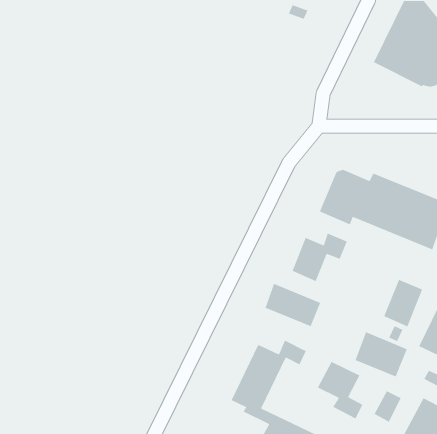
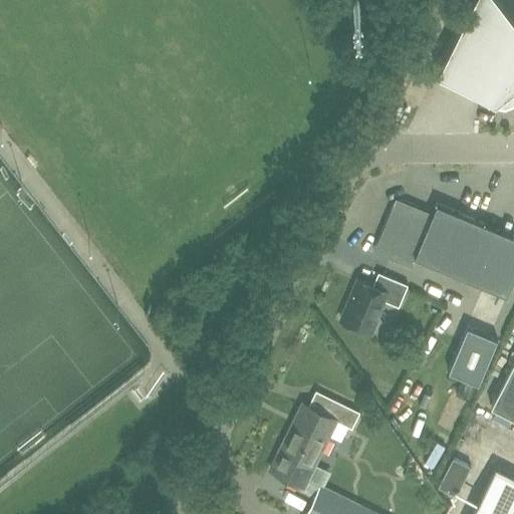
building: [264,283,321,327] -> none
building: [355,331,408,377] -> none
building: [317,361,364,419] -> none

